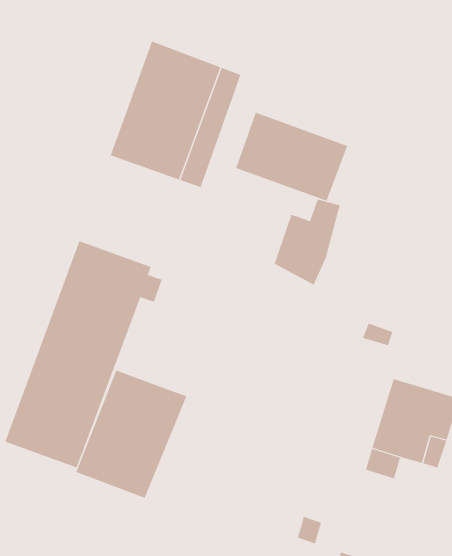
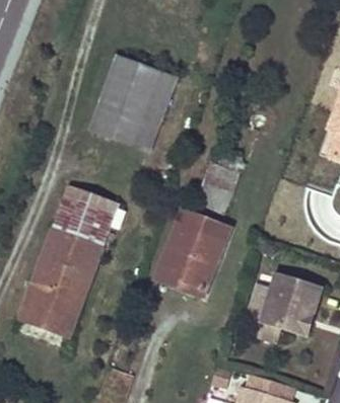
building: [236,112,348,201] -> none
building: [76,370,187,498] -> [156,210,229,294]

